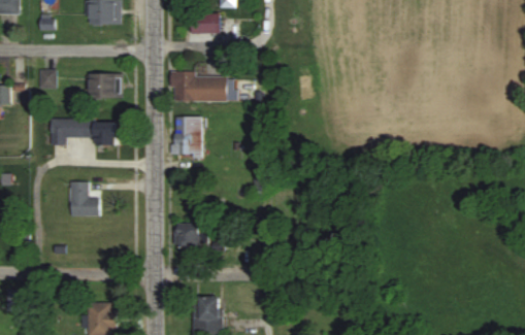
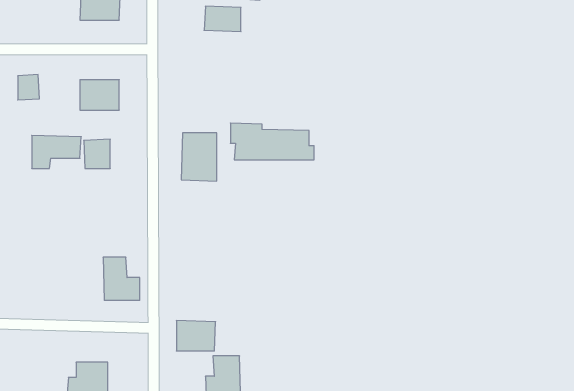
building: [170,71,238,101] -> [230,123,314,160]
building: [69,181,99,216] -> [103,257,140,300]
building: [174,223,206,247] -> [176,321,216,351]

